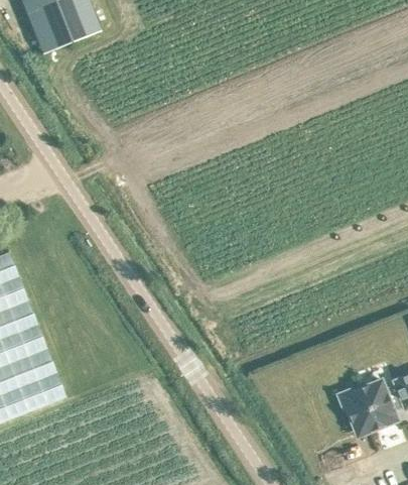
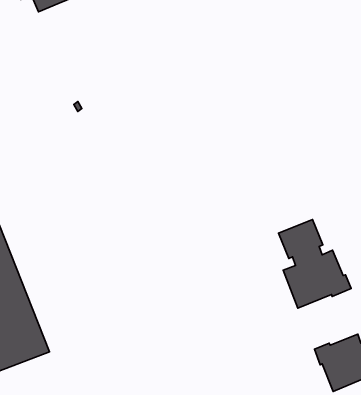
building: none -> [279,219,351,308]

